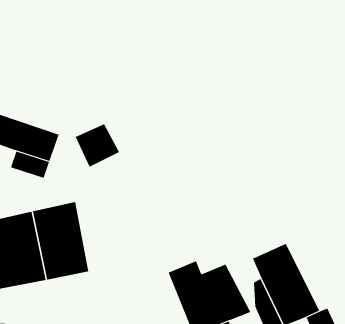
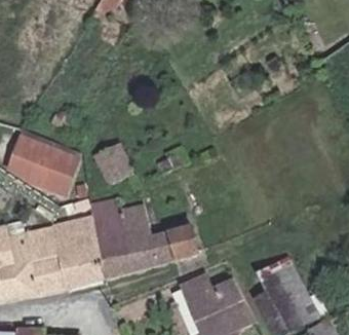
building: none -> [90,200,199,283]

